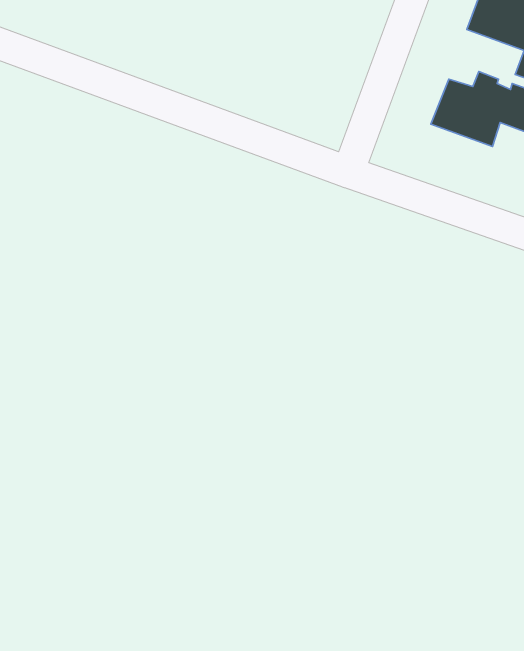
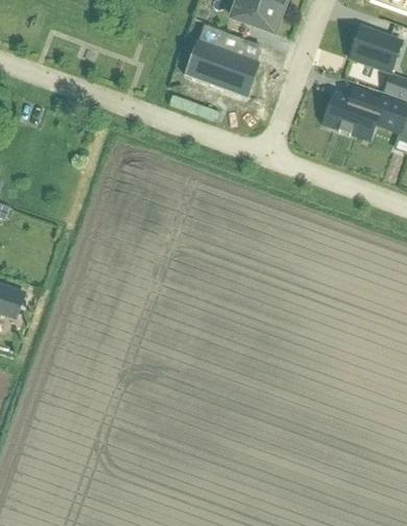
building: none -> [198,41,261,94]

